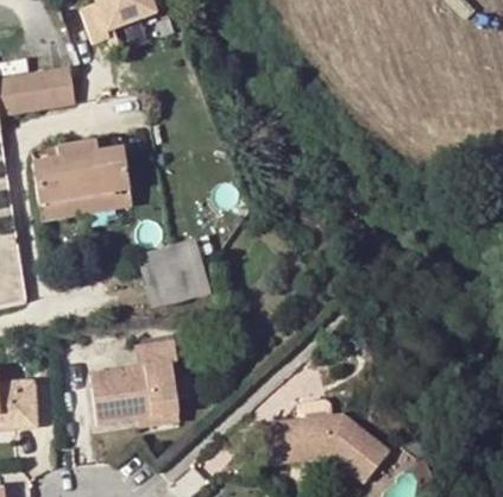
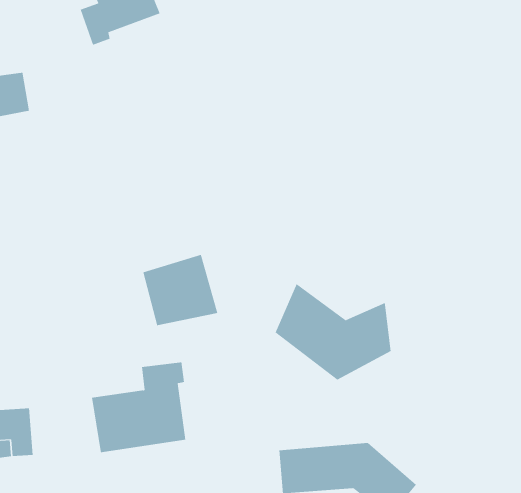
building: [27,65,73,107] -> none
building: [27,139,128,209] -> none
building: none -> [275,283,391,381]

